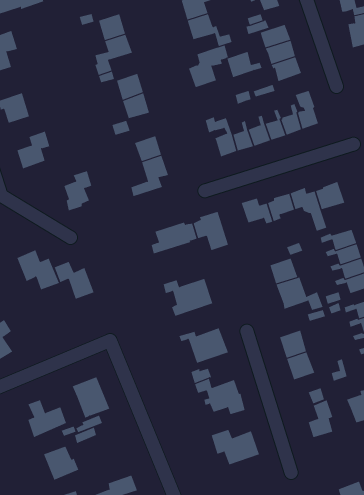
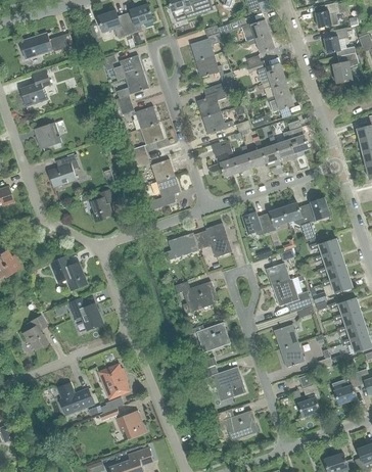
building: [226,51,262,78] -> [202,111,233,134]
building: [54,261,94,300] -> [67,297,102,330]
building: [43,446,79,481] -> [115,411,146,440]

